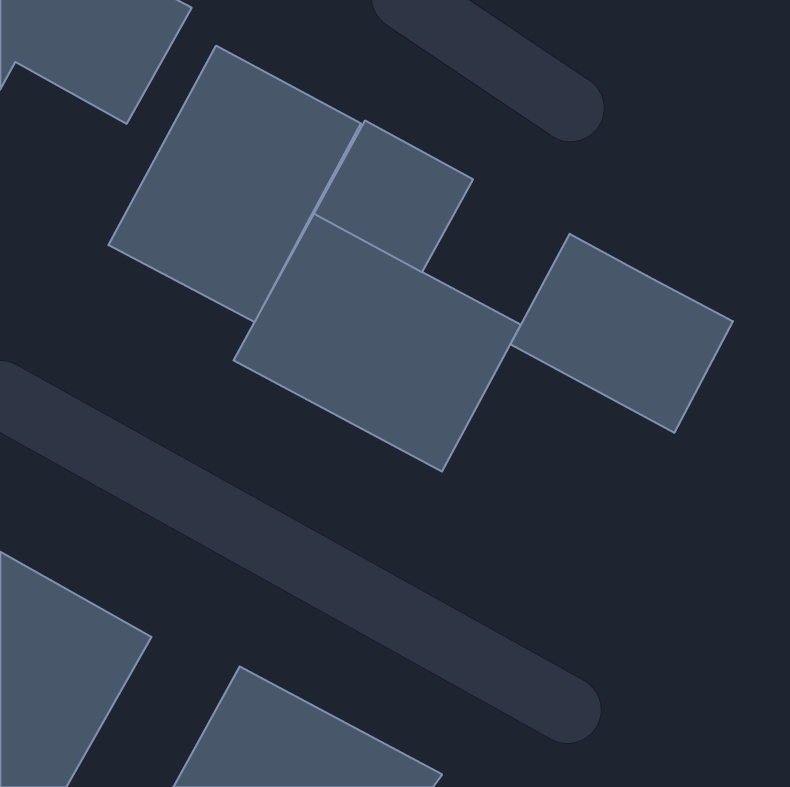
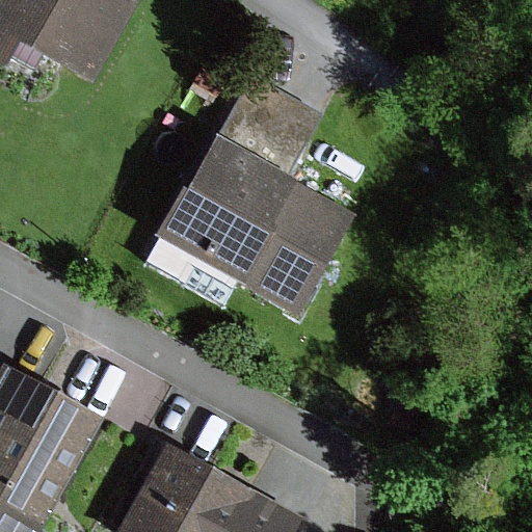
building: [108,46,361,322] -> none
building: [510,234,733,433] -> none

